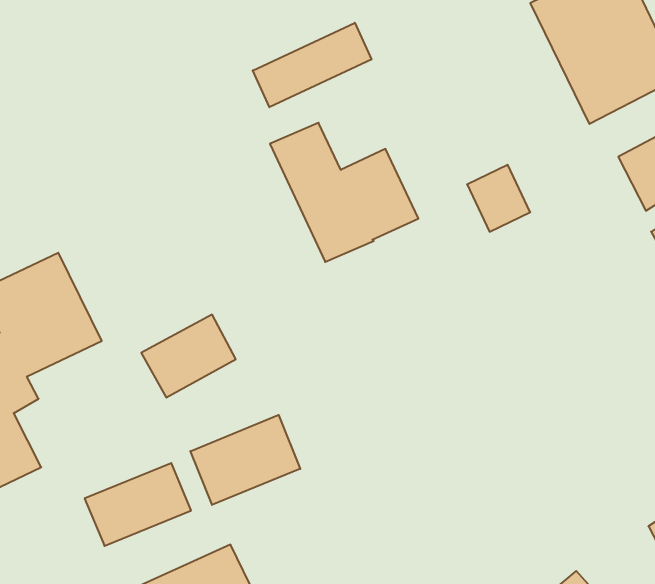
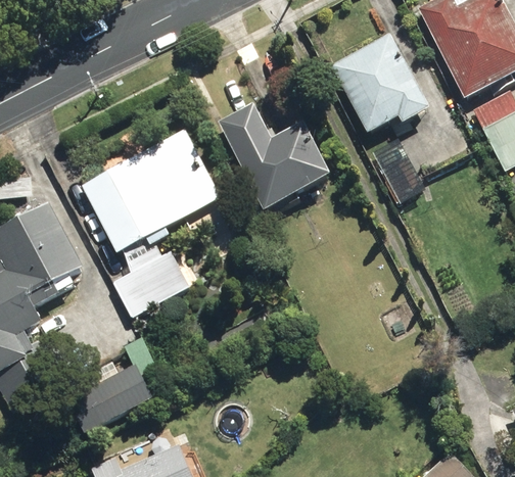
building: [253,23,371,107] -> none
building: none -> [330,30,430,136]
building: none -> [80,128,224,255]
building: [190,415,300,505] -> none

